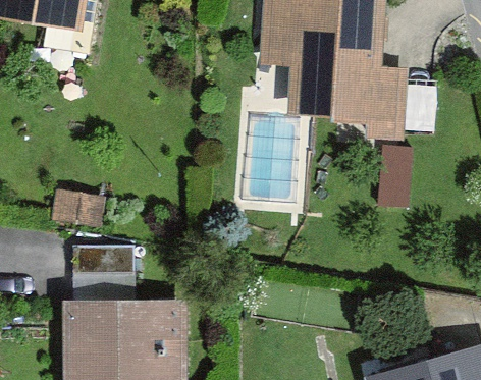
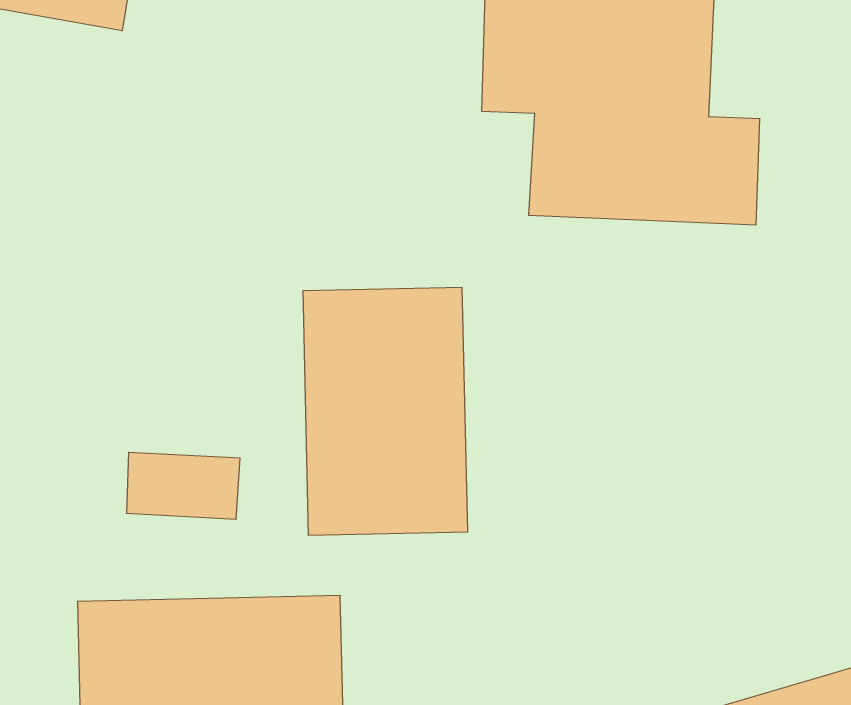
building: none -> [303,287,467,535]

